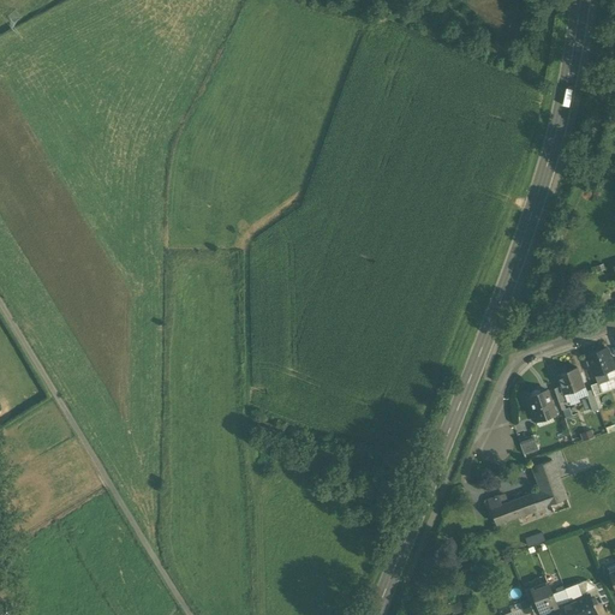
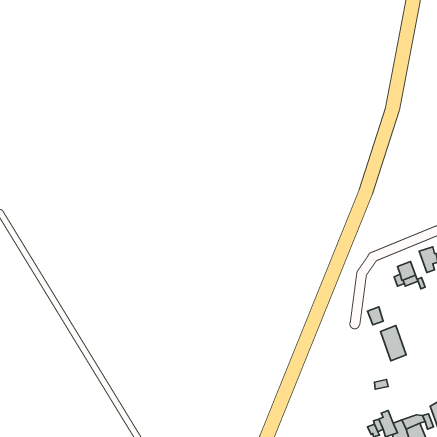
building: [529,393,556,426] -> none
building: [489,492,549,525] -> none

